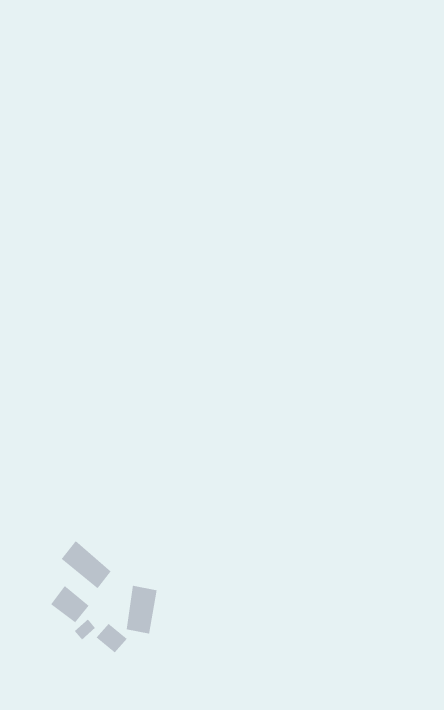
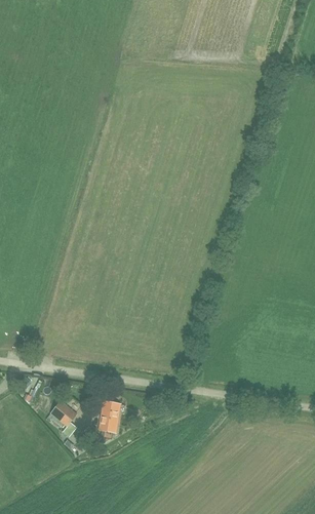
building: [61,540,112,589] -> none

